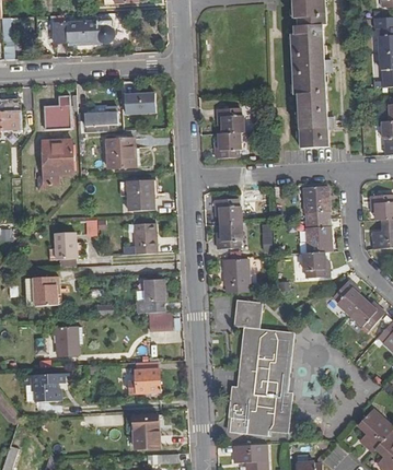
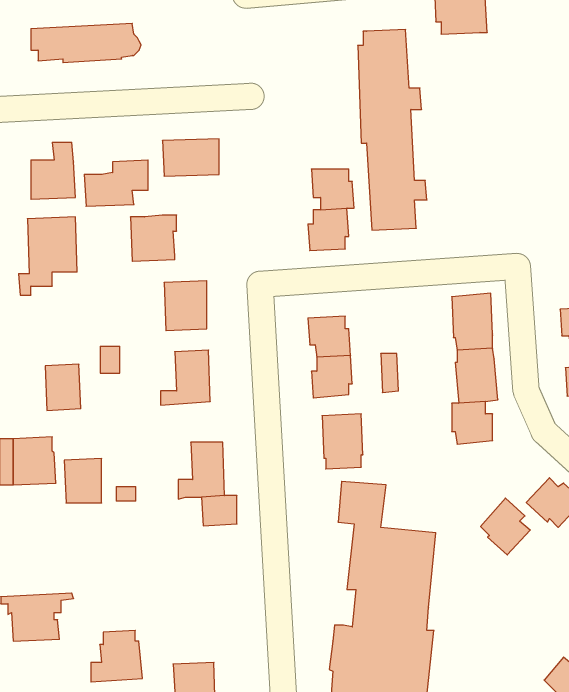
building: [291,25,334,149] -> [358,30,427,230]
building: [333,280,363,315] -> [481,498,530,555]
building: [54,327,77,354] -> [64,459,102,503]
building: [128,360,160,391] -> [91,630,142,682]

